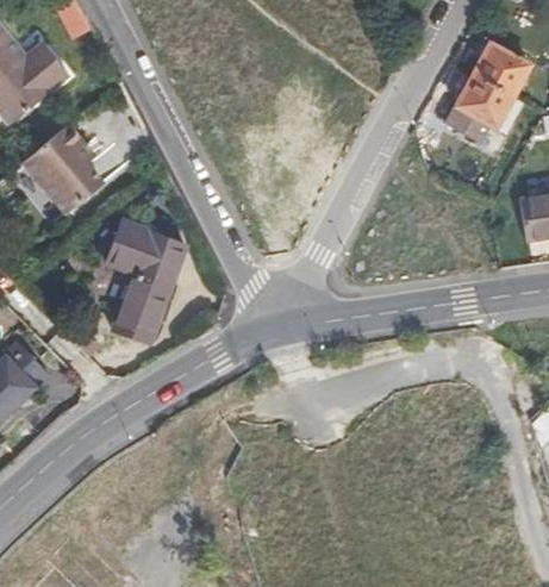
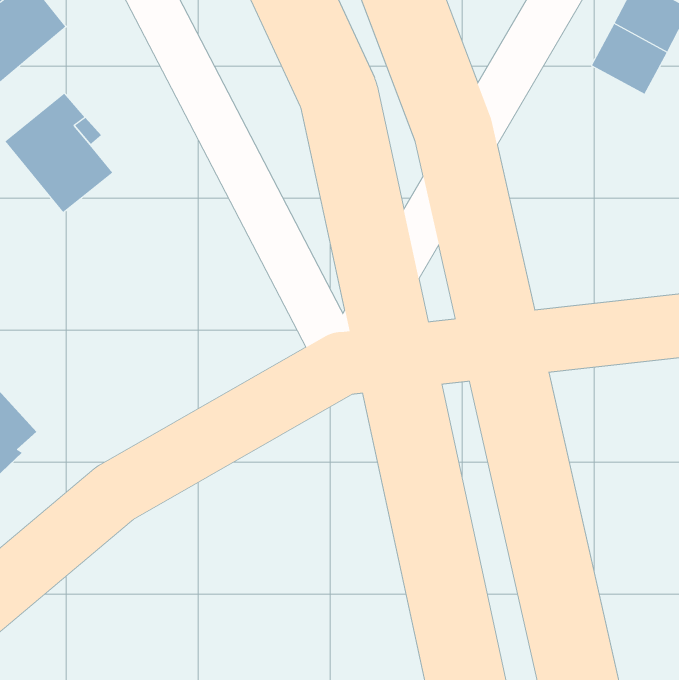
building: [105,218,185,343] -> none

